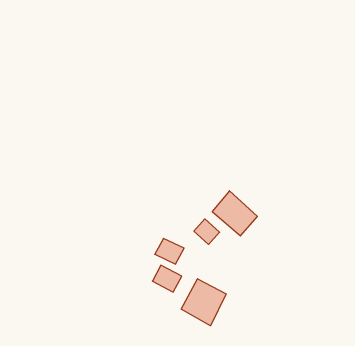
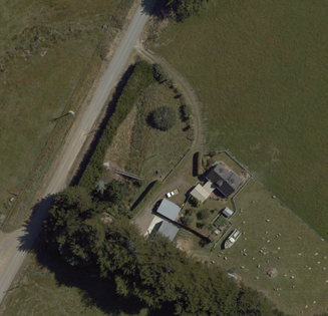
building: [181,279,226,326] -> none

